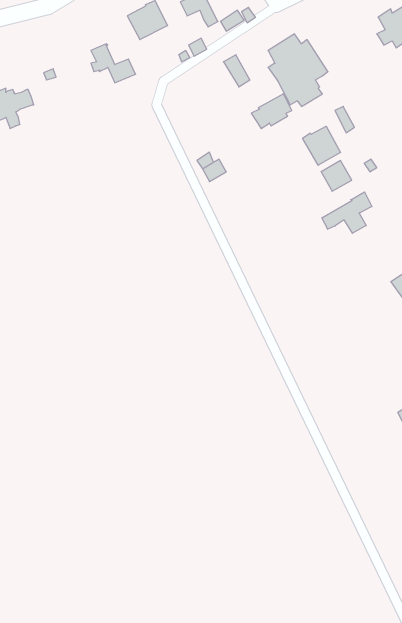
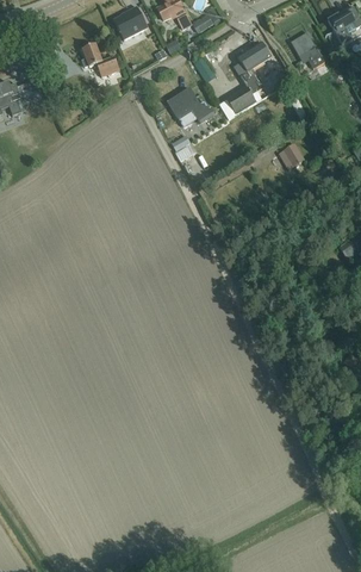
building: none -> [290,32,323,68]
building: none -> [166,87,214,125]
building: [303,126,341,165] -> none
building: [322,192,372,233] -> none

